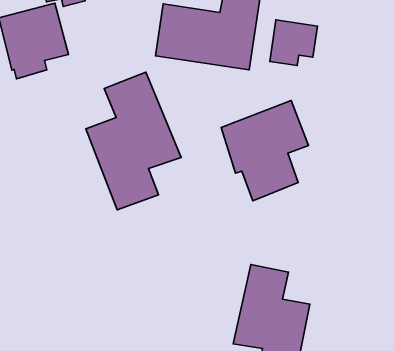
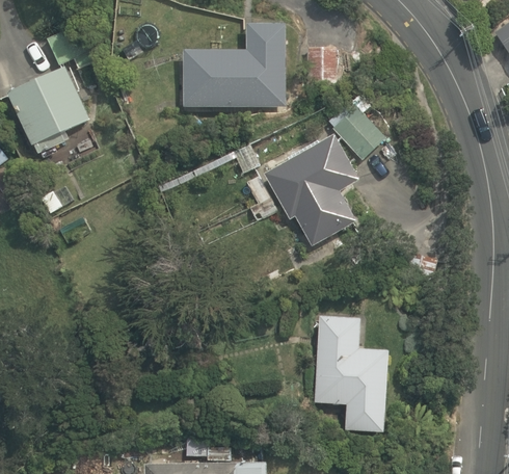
building: [86,72,181,210] -> none
building: none -> [331,105,385,160]

